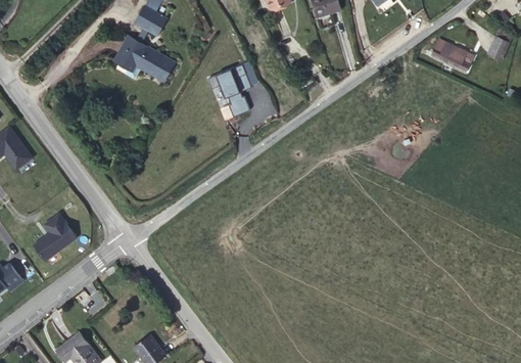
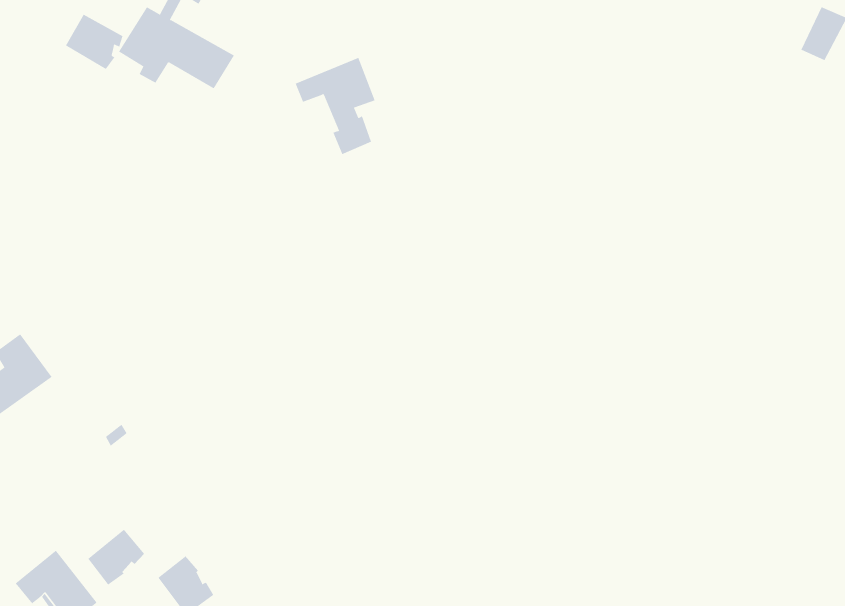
building: none -> [65,14,123,70]
building: [431,43,470,72] -> none
building: none -> [88,529,145,586]

